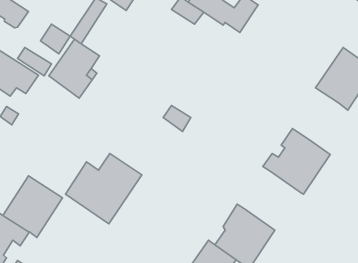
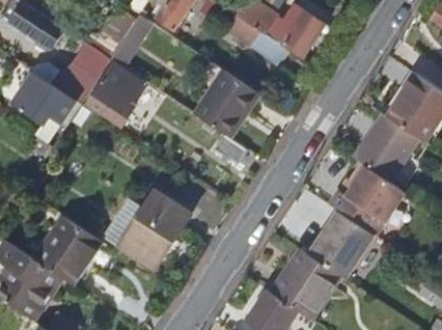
building: none -> [186,63,254,137]
building: none -> [352,112,412,176]
building: none -> [306,210,370,277]

